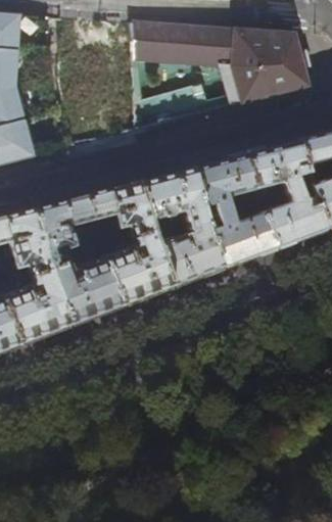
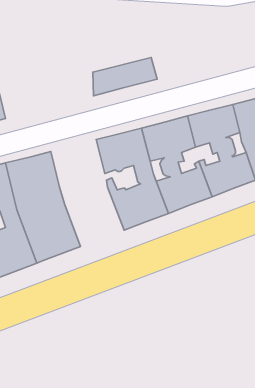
building: [135,23,310,105] -> none
building: [87,181,173,306] -> none

